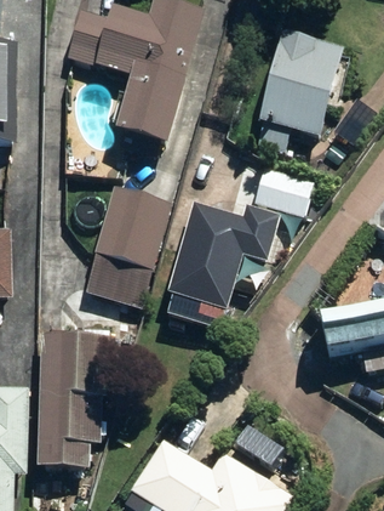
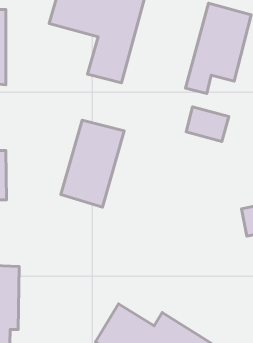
building: [168,206,280,308] -> none
building: [39,333,114,466] -> none

